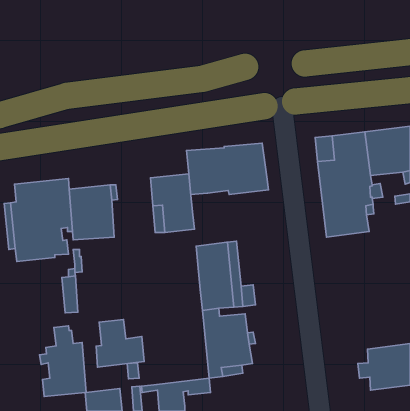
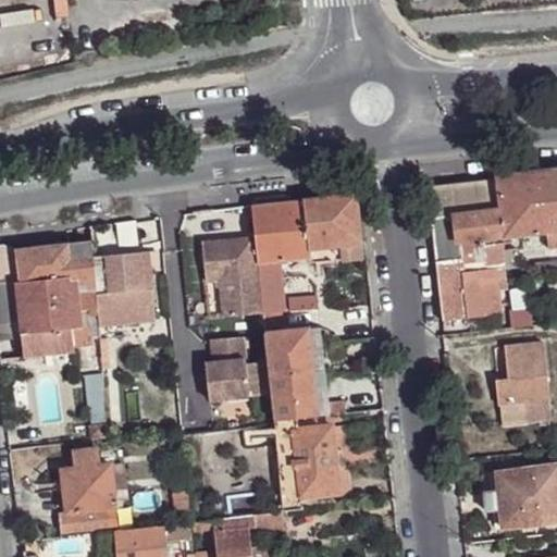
building: none -> [258,261,307,333]
building: none -> [497,343,548,422]
building: [96,320,144,367] -> [206,335,271,399]

